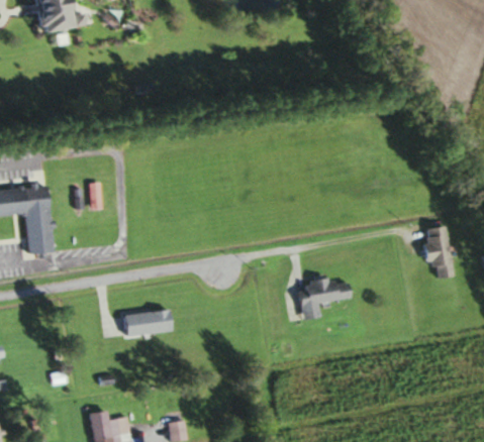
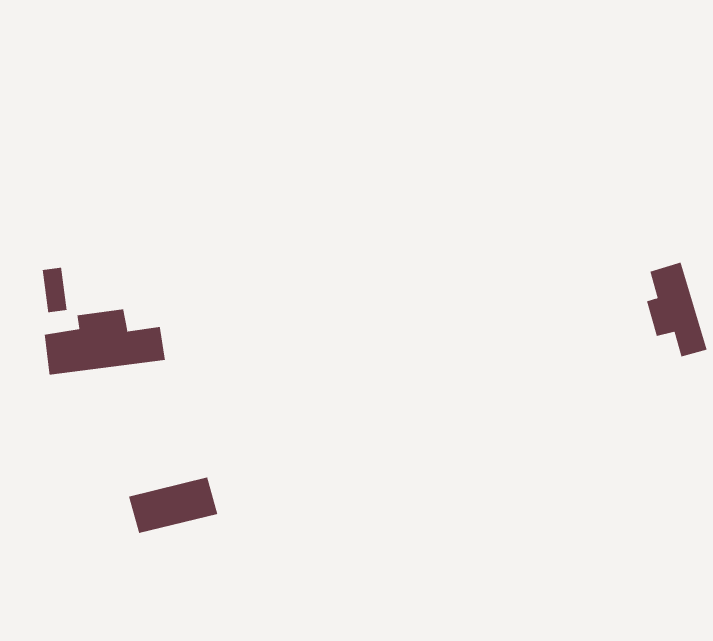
building: none -> [44,308,166,376]
building: [300,279,352,320] -> none

